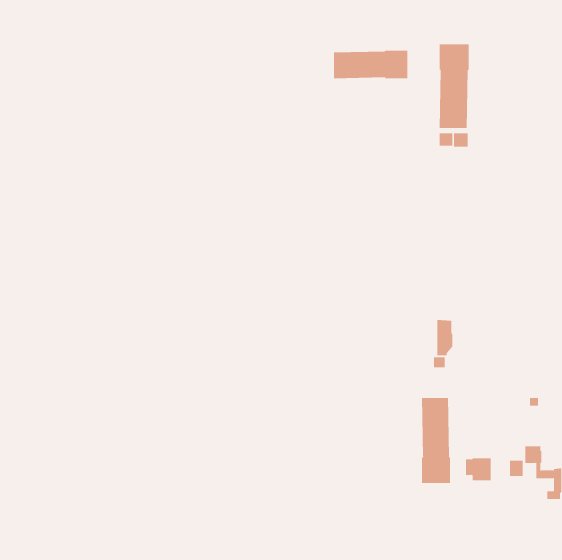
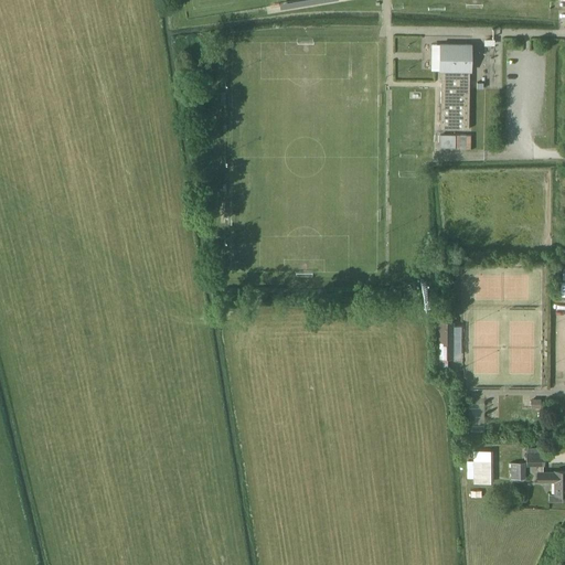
building: [333,50,408,79] -> none
building: [422,397,451,484] -> none

